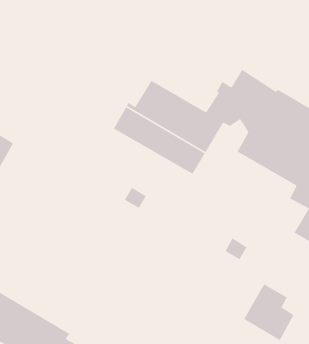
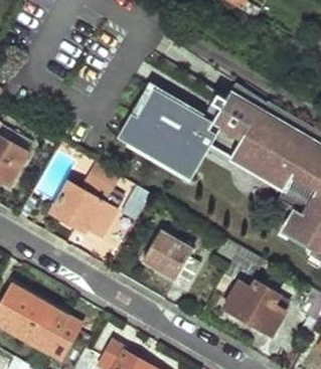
building: none -> [52,173,121,232]
building: none -> [142,229,199,288]

